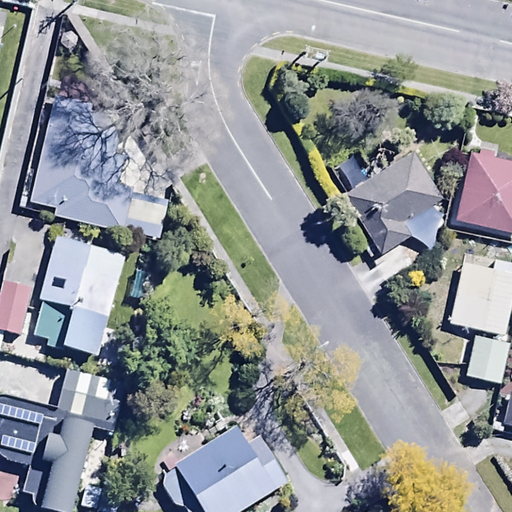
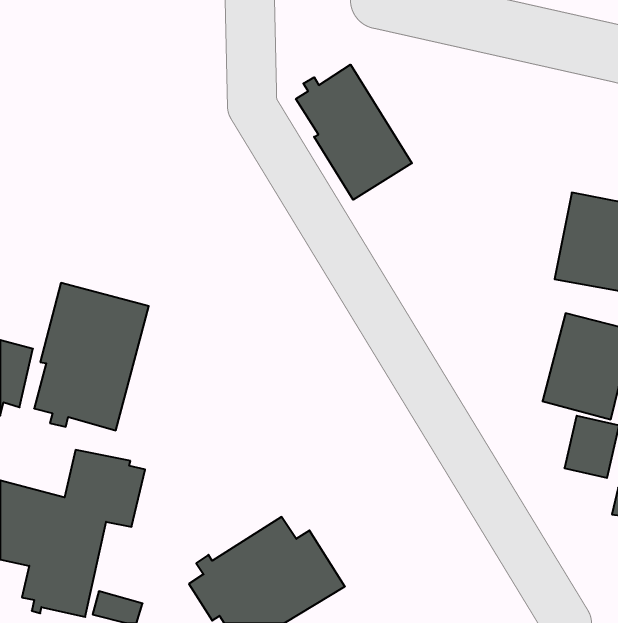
building: none -> [296,65,412,200]
building: [28,102,168,237] -> none
building: [331,154,444,265] -> none

